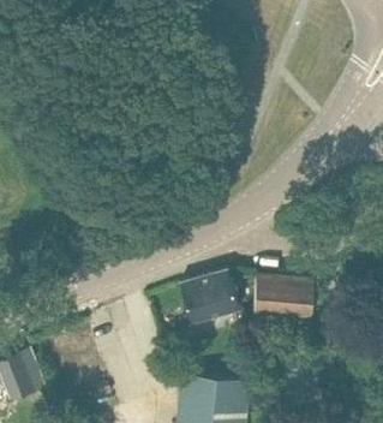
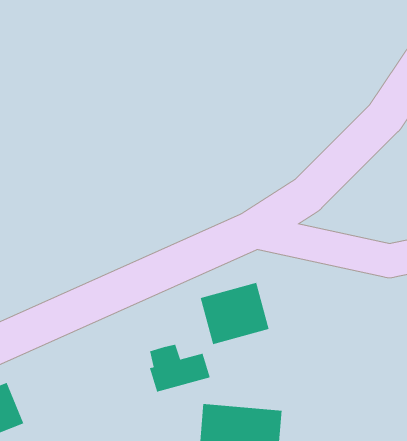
building: [252,274,313,317] -> none
building: none -> [149,344,210,393]

